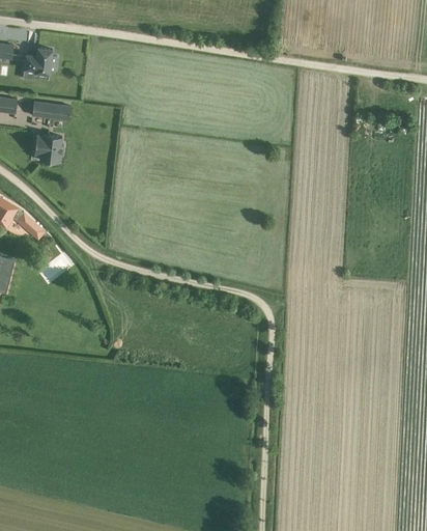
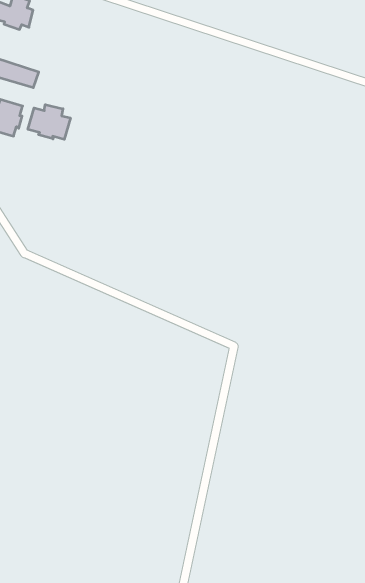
building: none -> [28,105,70,139]

